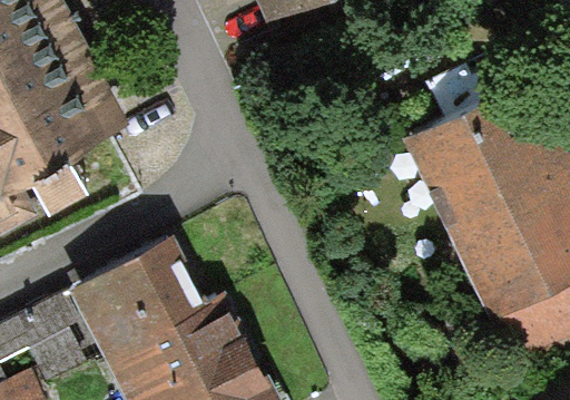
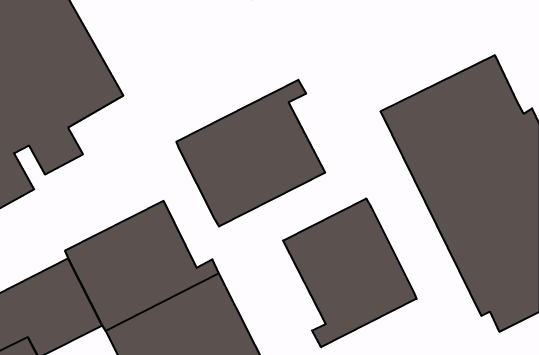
building: none -> [176,80,325,227]
building: none -> [283,198,417,347]

